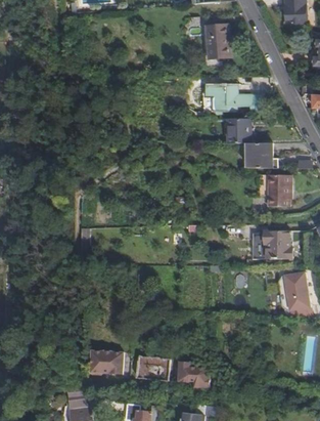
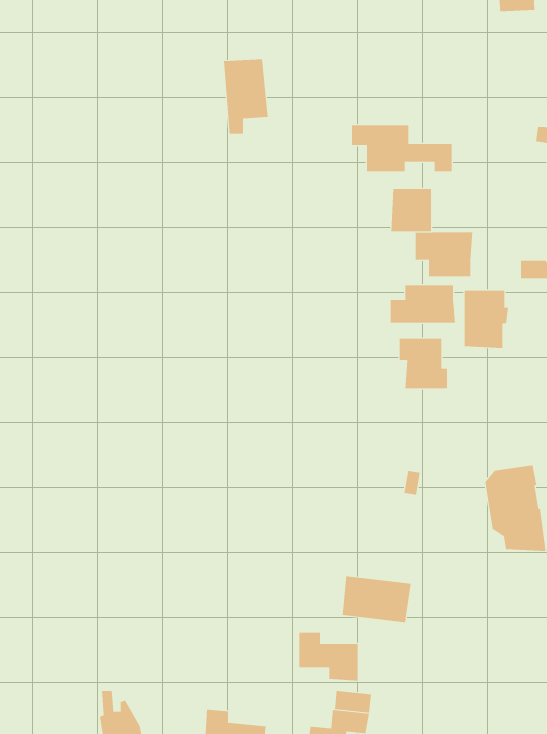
building: [203,25,228,66] -> [223,59,268,134]
building: none -> [390,284,456,323]
building: [262,230,288,258] -> [399,338,448,389]
building: [84,348,121,373] -> none
building: [132,354,170,380] -> [342,576,411,623]

